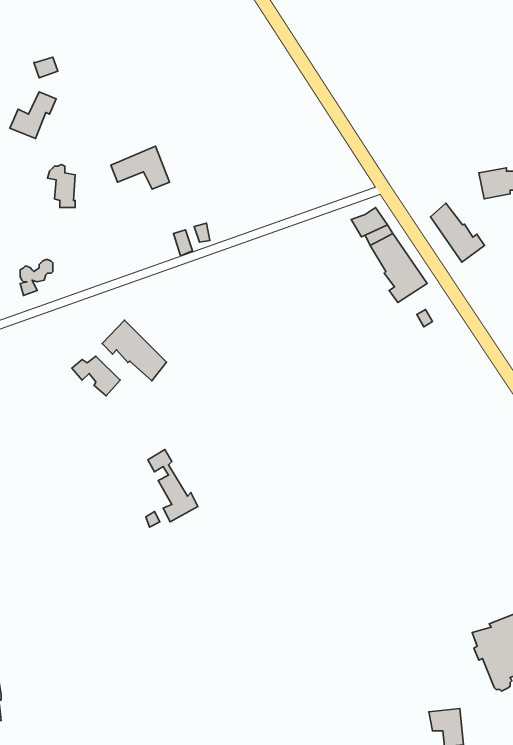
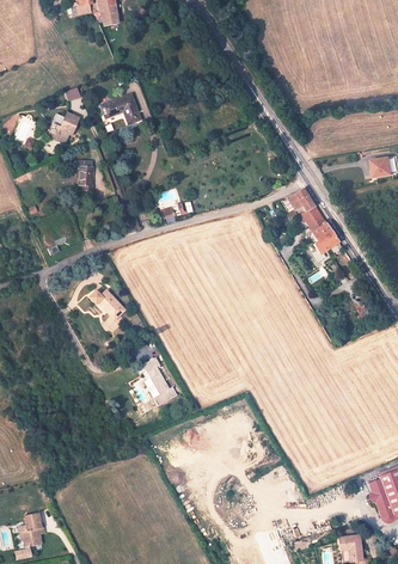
building: [111,146,169,189] -> [103,92,143,122]
building: [431,203,484,262] -> none
building: [102,320,167,381] -> none

